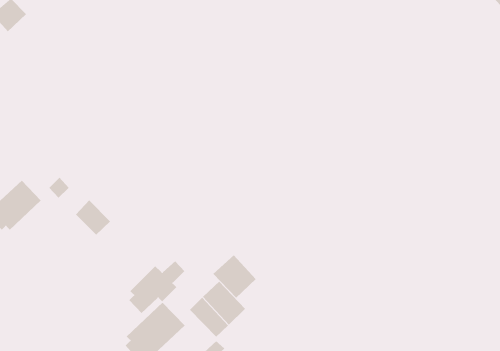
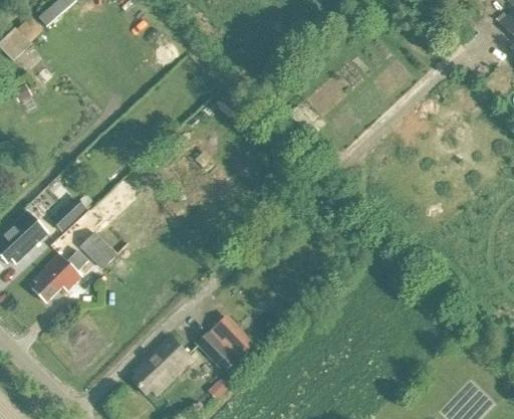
building: [212,254,256,299] -> none
building: [129,260,185,314] -> [33,248,90,302]

